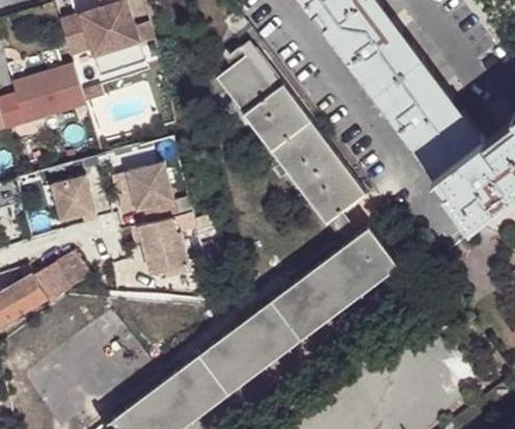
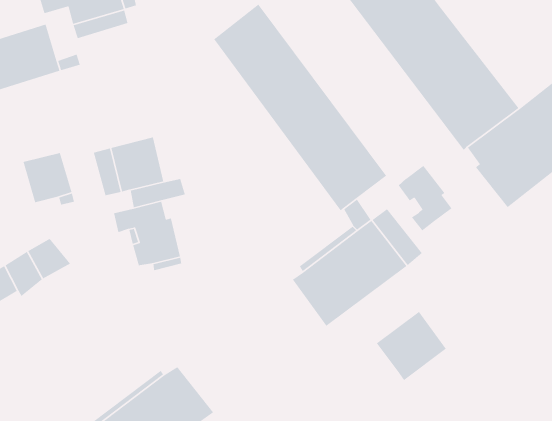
building: none -> [398,165,452,232]
building: [186,288,316,404] -> none
building: none -> [376,311,447,381]

